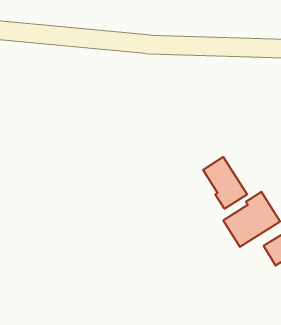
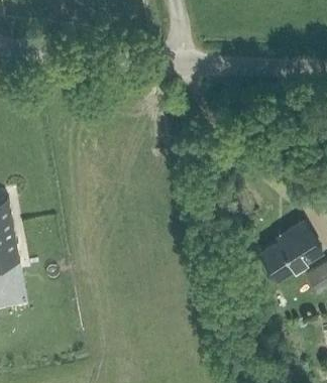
building: [203,157,247,209] -> none

